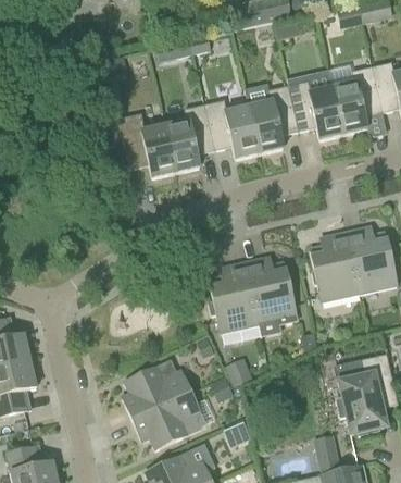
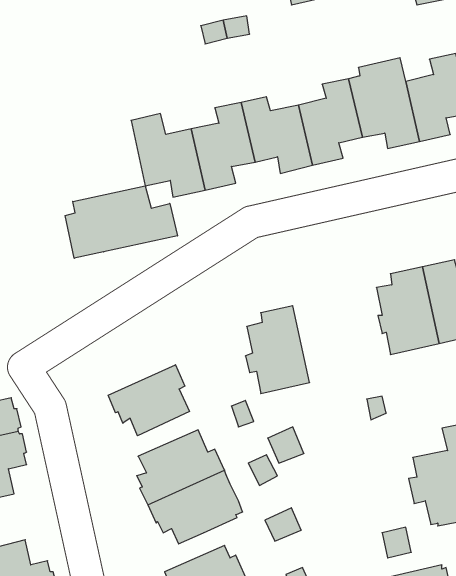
building: none -> [65,186,177,258]
building: [245,258,297,323] -> none
building: none -> [108,365,189,436]

